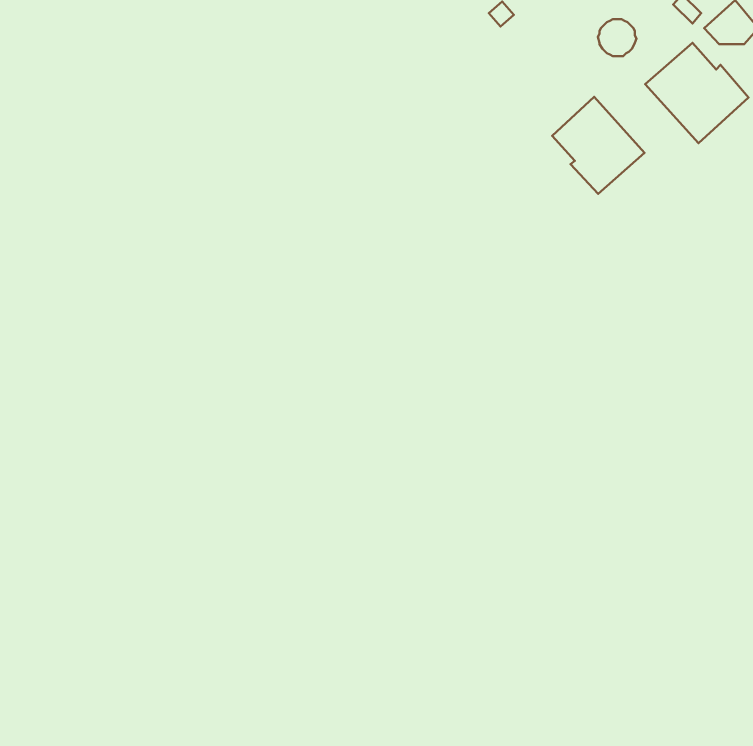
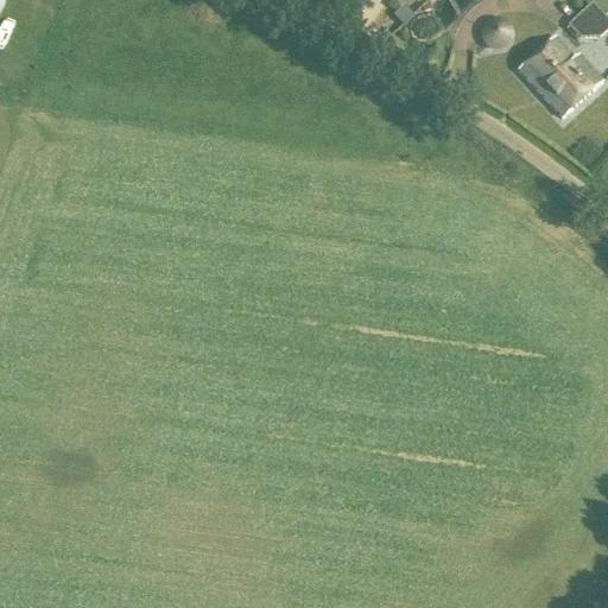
building: [552,97,644,194] -> none

